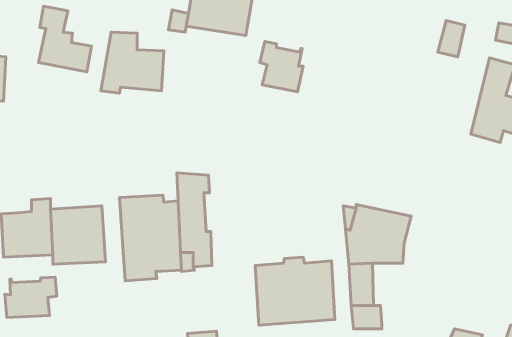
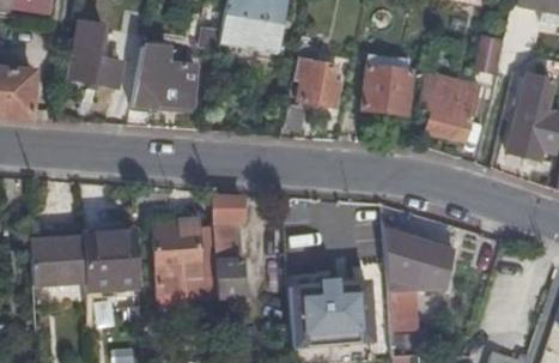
building: none -> [364,68,414,117]
building: none -> [421,74,481,141]
building: [5,277,57,317] -> none

